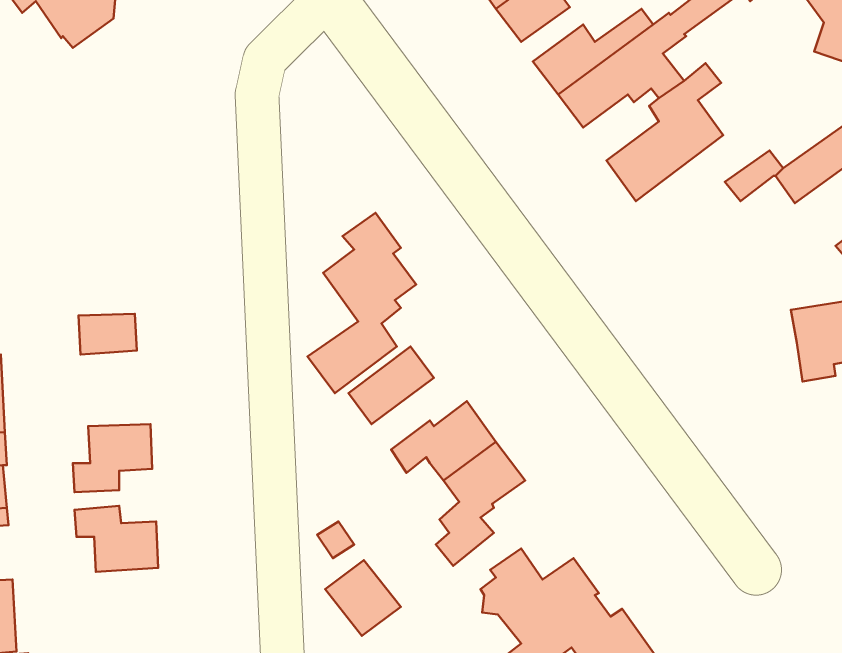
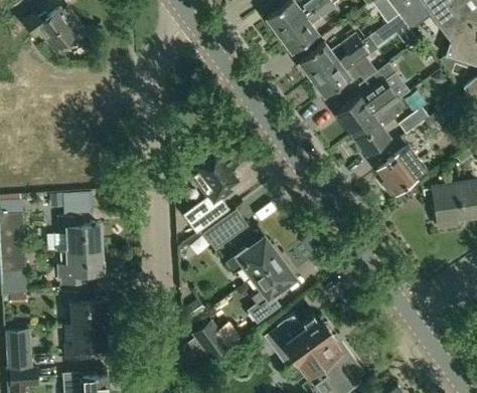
building: none -> [352,101,404,155]
building: none -> [377,147,426,197]
building: none -> [57,217,101,251]
building: none -> [64,325,106,360]

